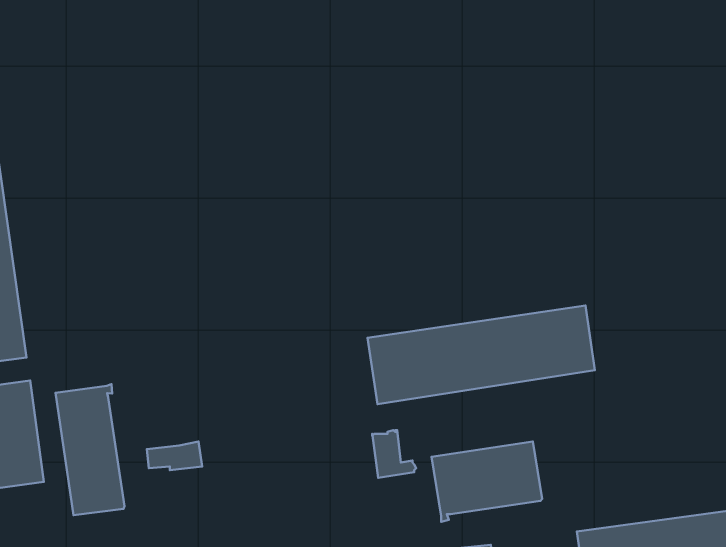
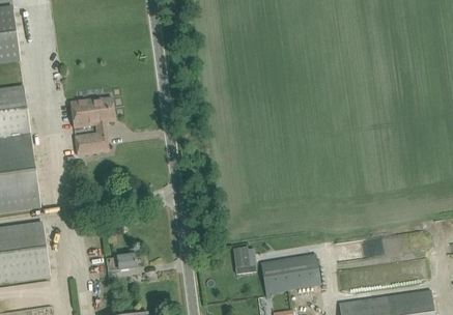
building: none -> [70,96,115,154]
building: [367,306,595,404] -> none
building: [55,384,124,515] -> none

